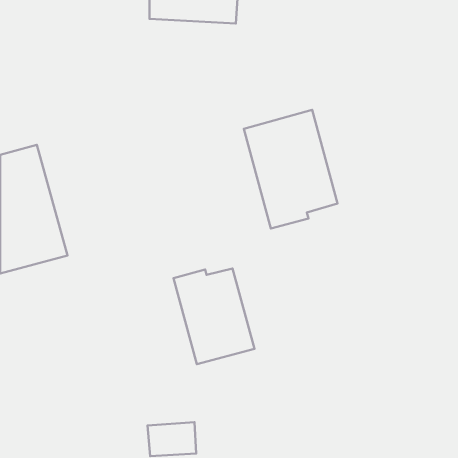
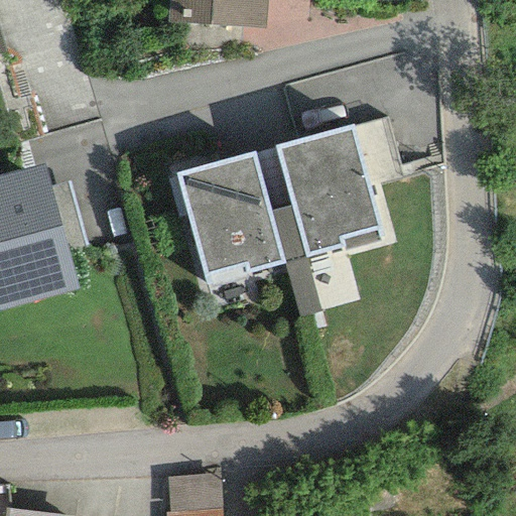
building: none -> [176,151,286,275]
building: [174,268,254,364] -> none

